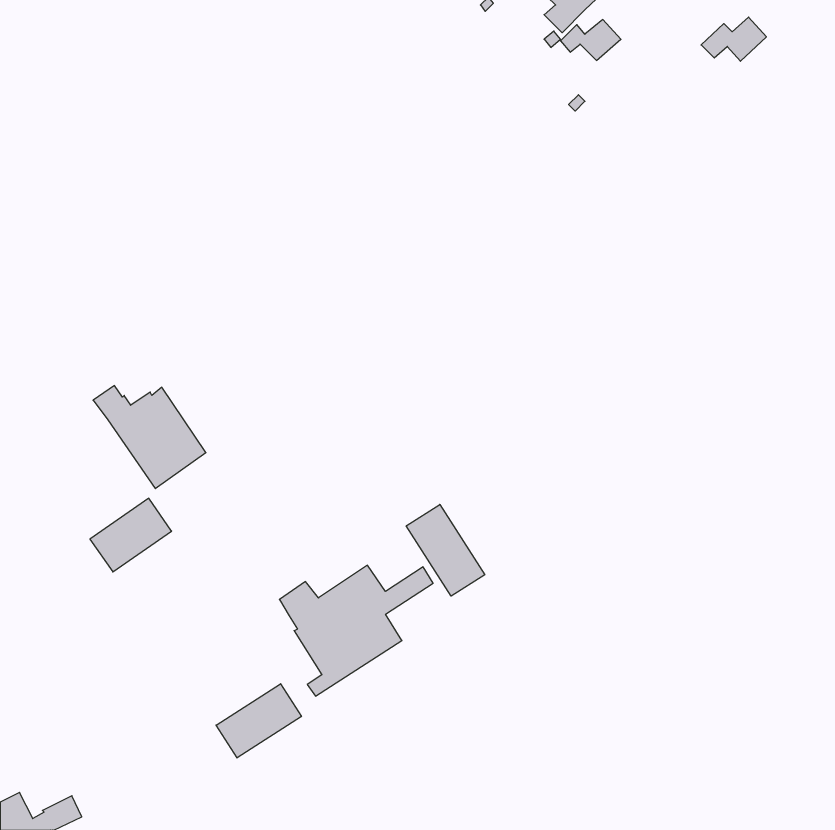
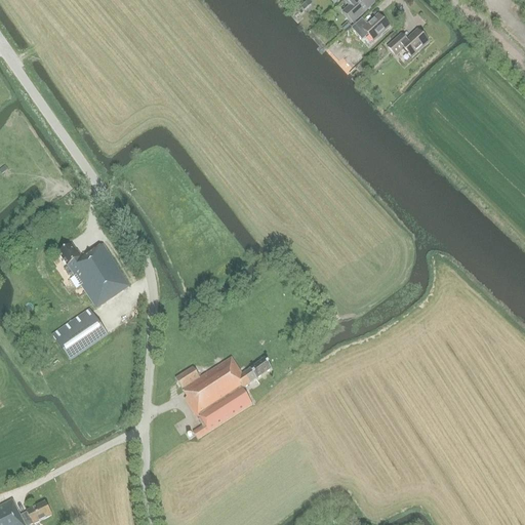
building: [701,17,766,61] -> [388,28,429,55]
building: [406,504,485,596] -> none
building: [216,684,301,758] -> none

